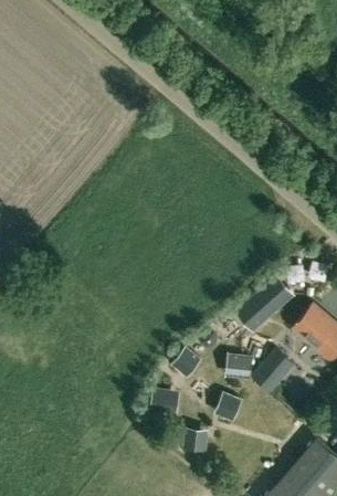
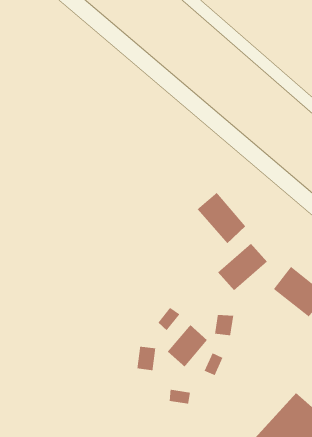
building: none -> [196,192,246,244]
building: [252,348,295,393] -> [167,324,208,367]

